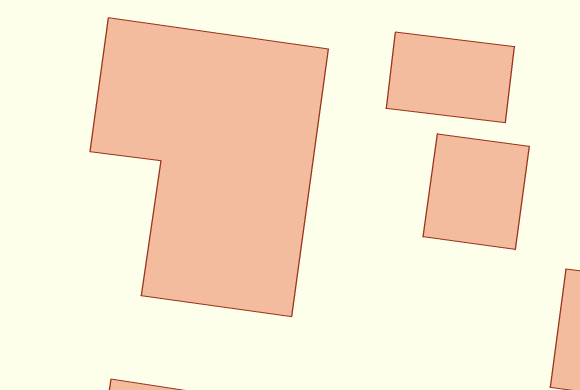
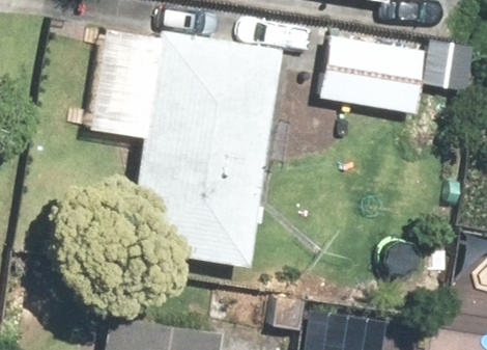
building: [423,134,529,250] -> none

